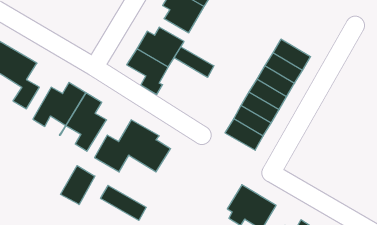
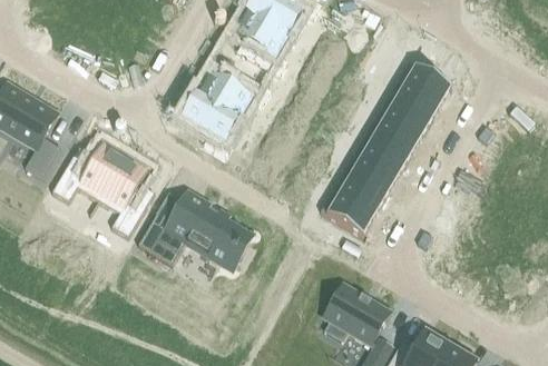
building: none -> [398,60,450,103]
building: [174,47,214,77] -> none
building: [61,166,95,205] -> none
building: [101,185,146,220] -> none

